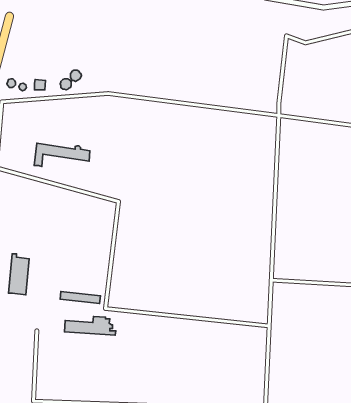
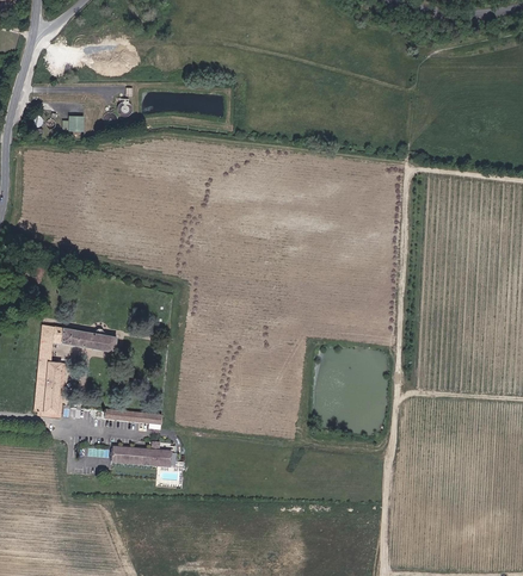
building: [34,143,90,166] -> [39,326,117,358]

